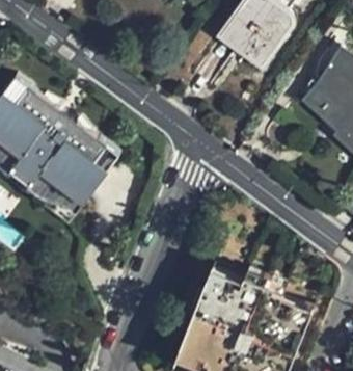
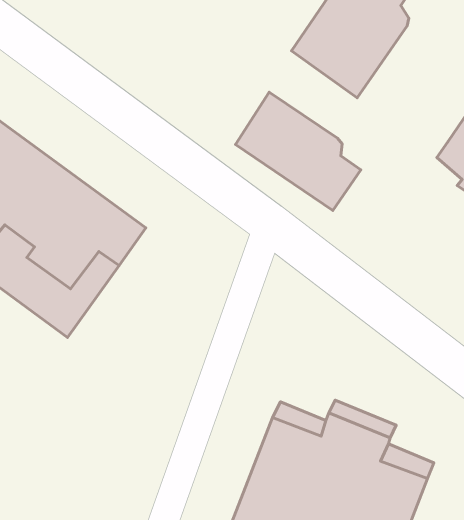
building: none -> [235,92,361,211]

